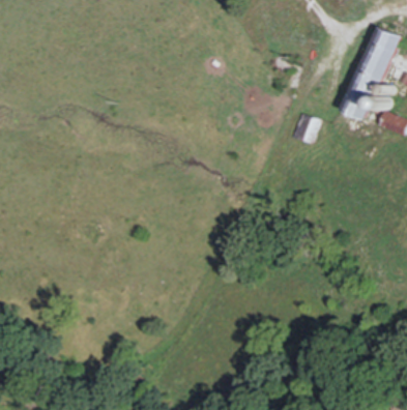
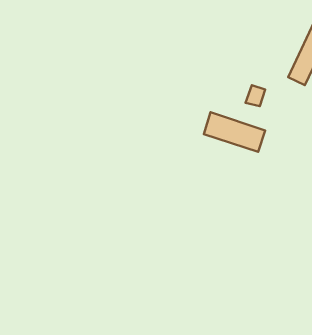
building: none -> [204,112,265,152]

